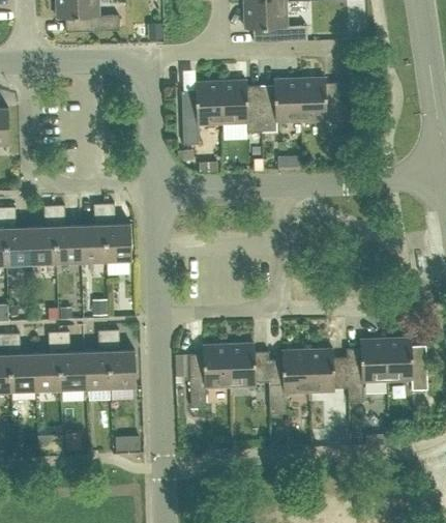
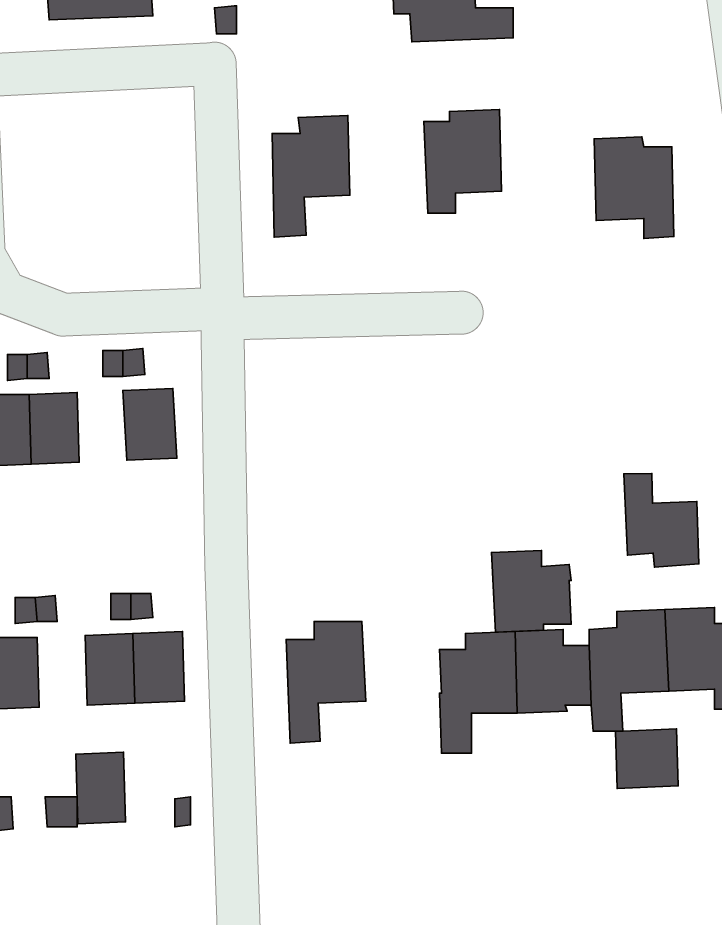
building: [299,78,340,130] -> [594,137,674,239]
building: [220,81,262,134] -> none
building: [80,225,106,262] -> none
building: none -> [624,473,699,567]
building: [228,344,269,386] -> [492,551,571,632]
building: [59,352,85,389] -> [76,752,126,824]
building: none -> [615,729,678,788]

